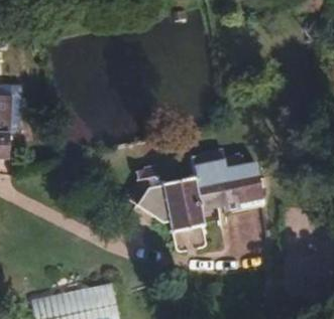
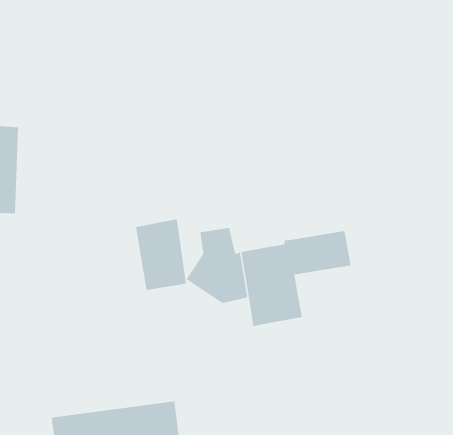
building: [190,153,263,213] -> none
building: none -> [136,219,187,291]

